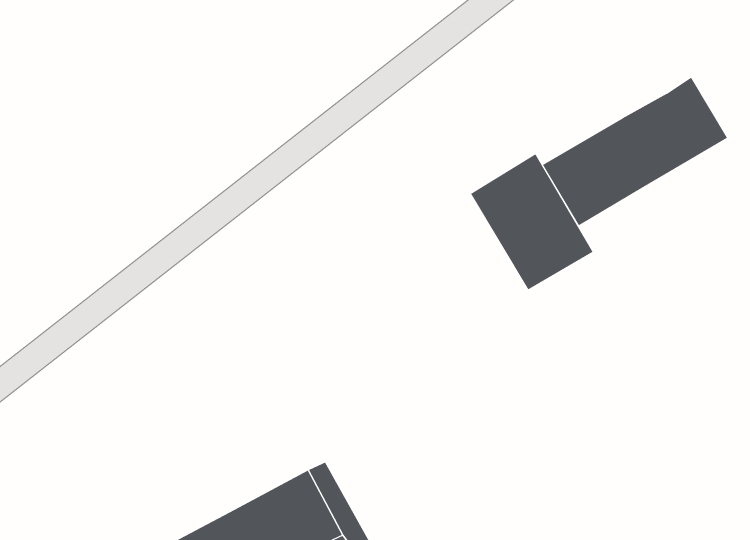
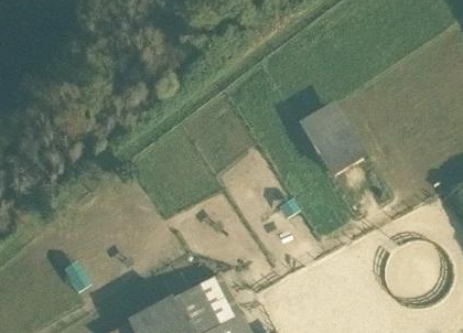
building: [542,77,728,226] -> none

